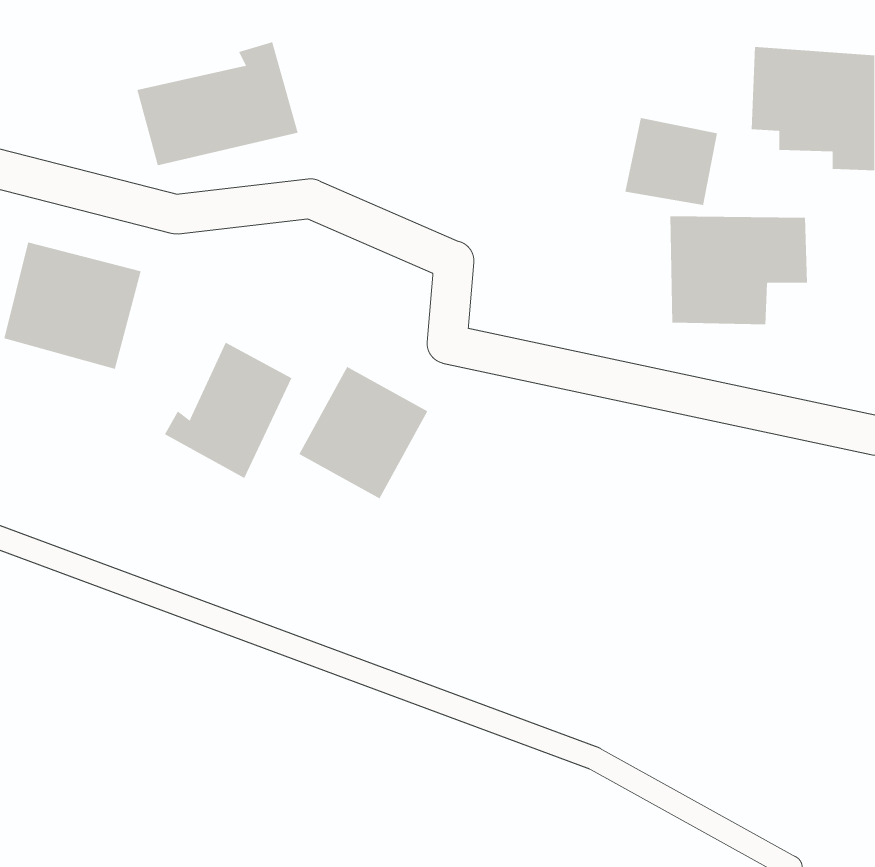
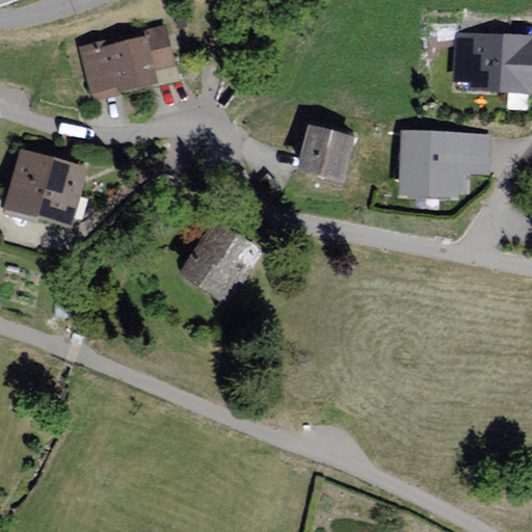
building: [625,118,718,206] -> [300,127,356,180]
building: [164,342,292,479] -> none

